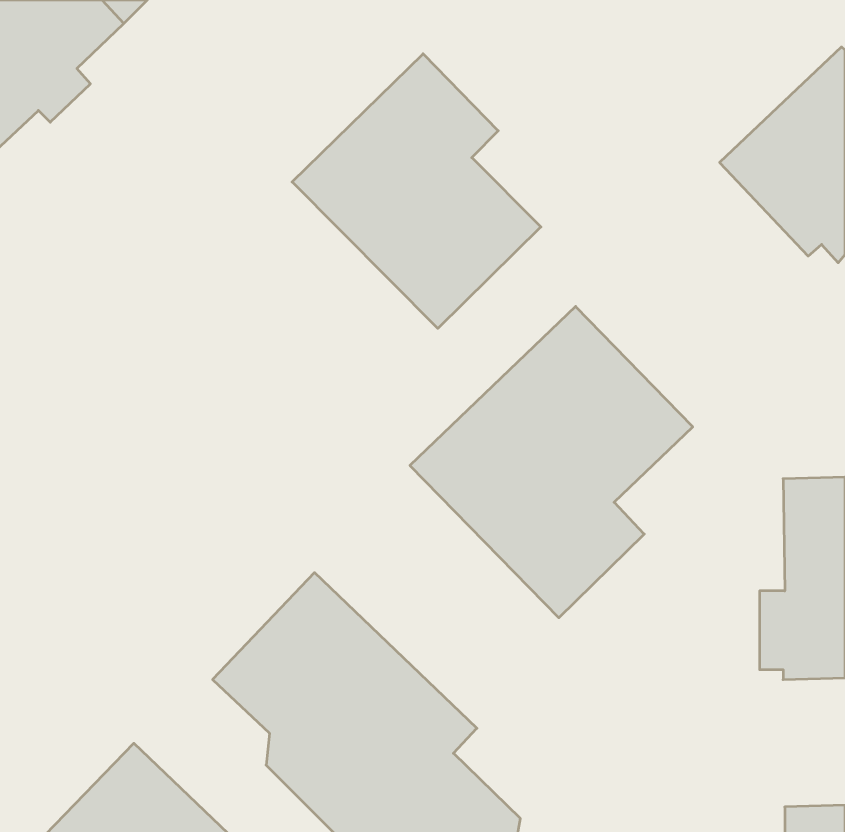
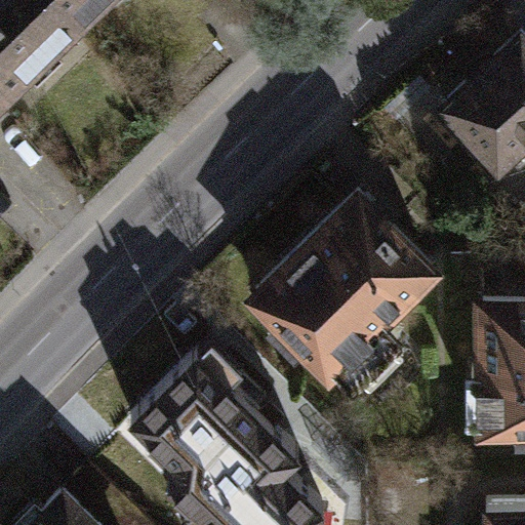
building: [292,54,541,328] -> none

